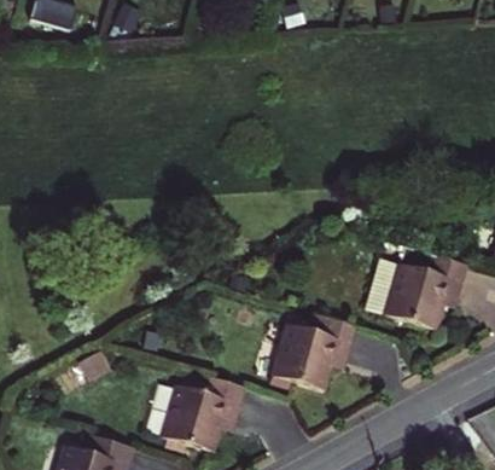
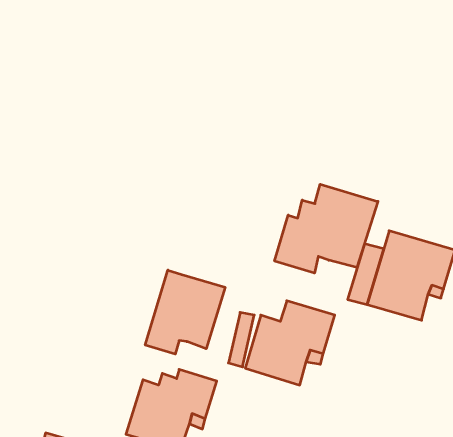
building: none -> [275,184,378,273]
building: none -> [145,270,225,354]

